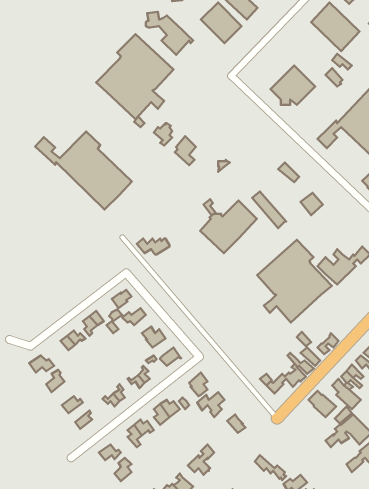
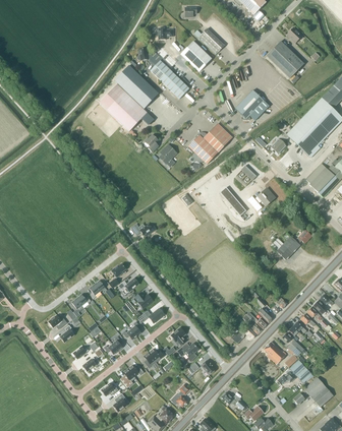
building: none -> [161,70,189,99]
building: [35,131,132,210] -> none
building: [200,201,257,253] -> [188,123,232,164]
building: [257,240,332,322] -> none

